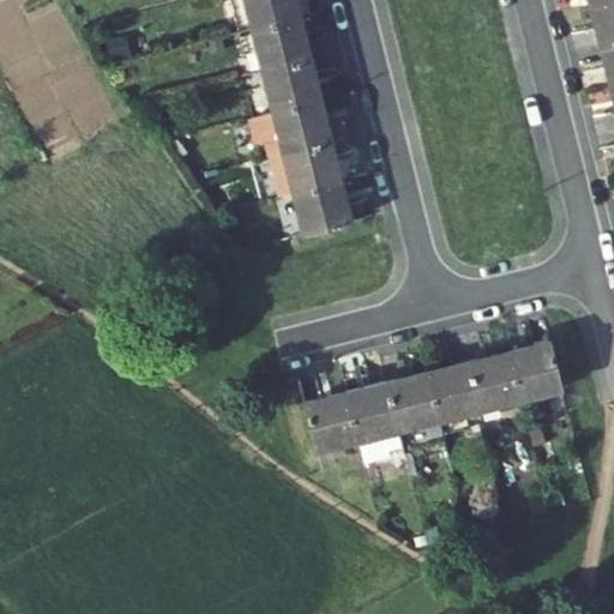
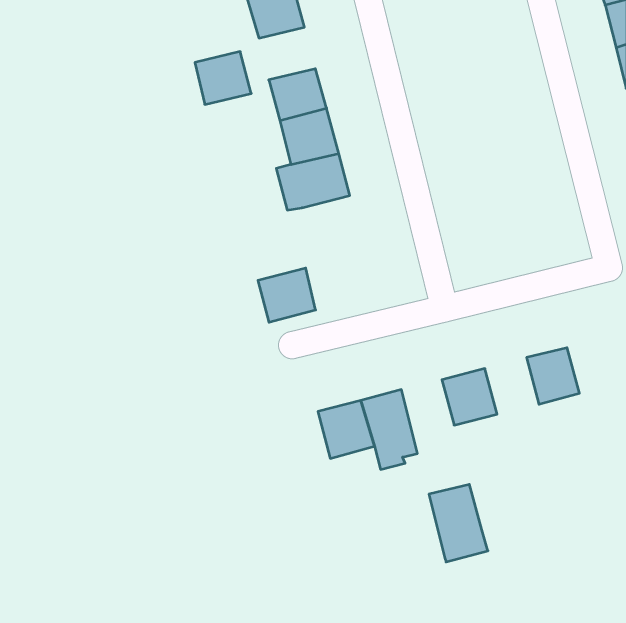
building: [254,26,309,78] -> [195,52,251,104]
building: [296,191,353,243] -> [258,268,316,322]
building: [475,349,528,404] -> none
building: [393,371,451,446] -> [429,484,488,562]

